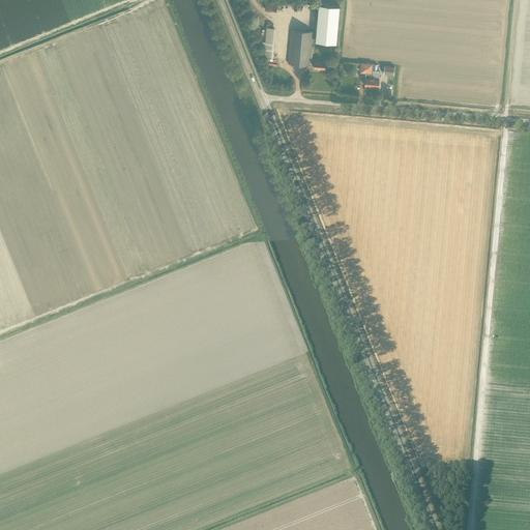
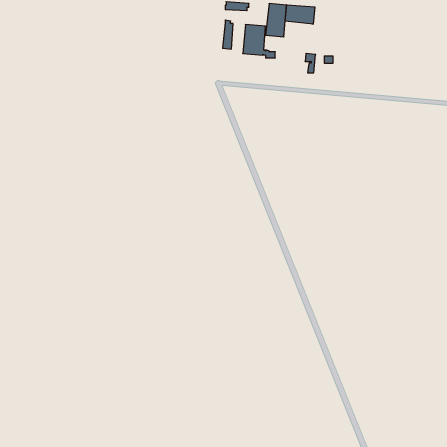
building: none -> [285,5,315,24]

